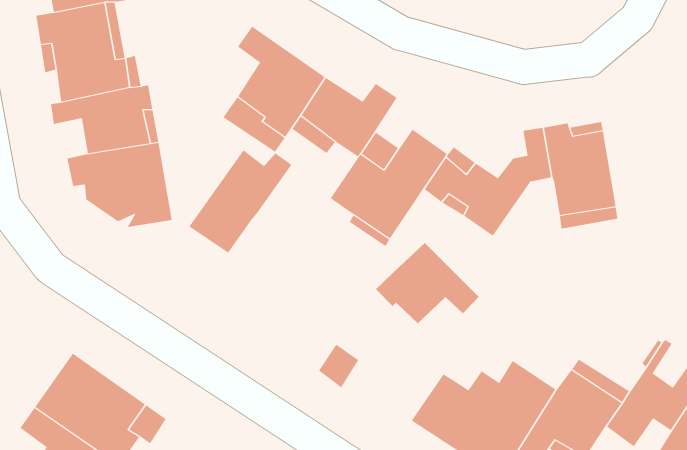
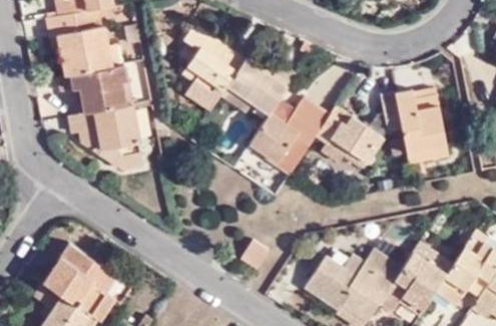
building: [189,150,292,253] -> none
building: [375,242,479,324] -> none

